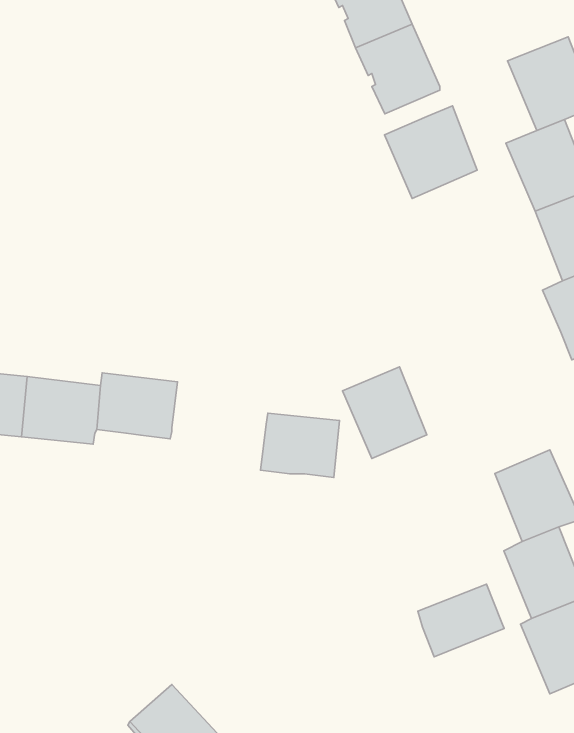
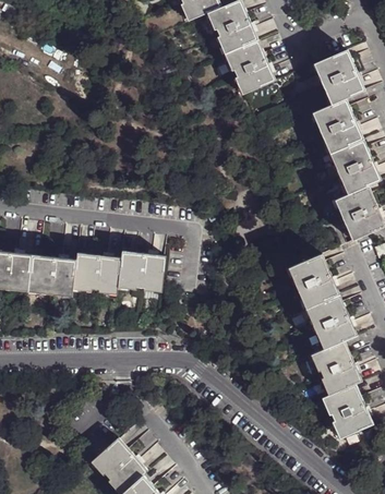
building: [384,106,477,199] -> none
building: [343,367,427,459] -> [289,256,339,311]
building: [261,413,339,477] -> [115,250,161,288]
building: [418,584,504,657] -> none

